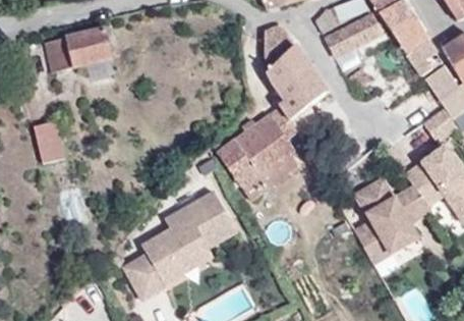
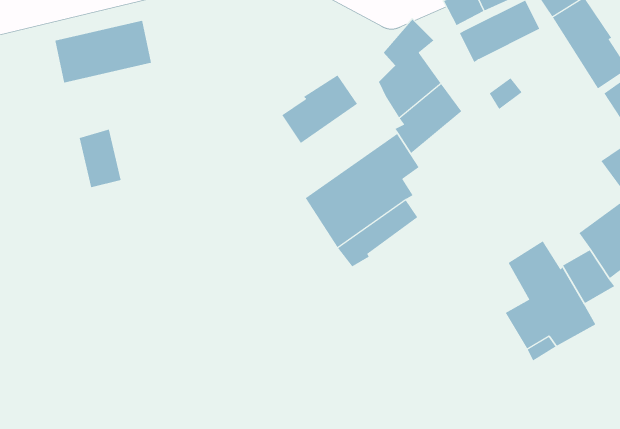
building: none -> [281,75,358,144]
building: [35,120,64,161] -> [79,129,121,188]
building: [124,193,237,300] -> none

